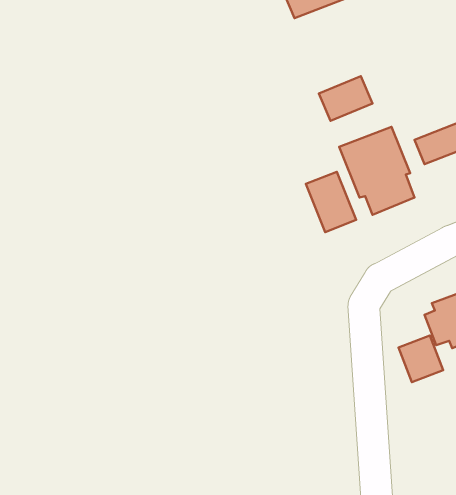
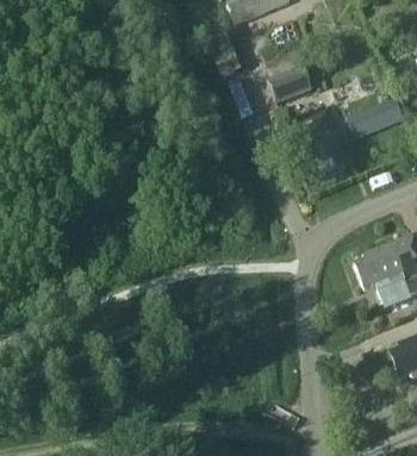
building: [306,172,356,232] -> none
building: [398,336,443,382] -> none

